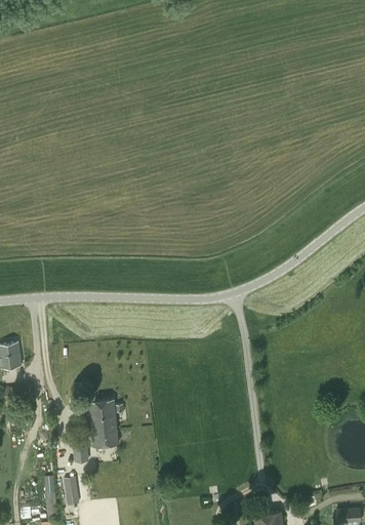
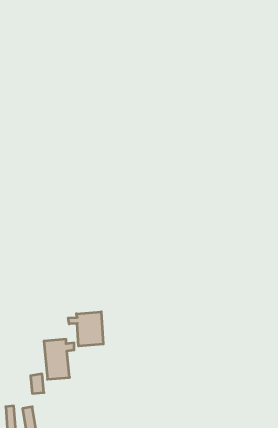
building: none -> [68,312,103,346]

